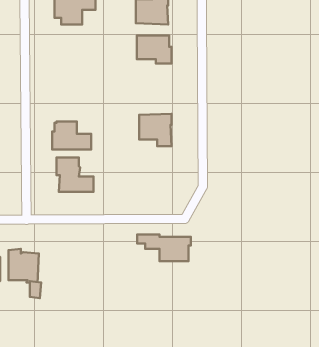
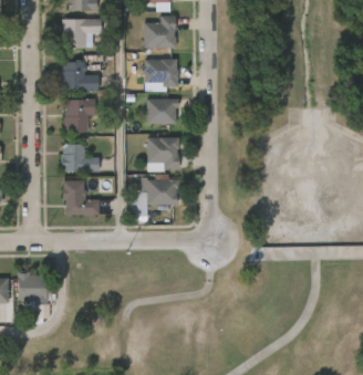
building: none -> [62,60,100,92]
building: none -> [63,98,95,133]
building: none -> [146,100,179,125]
building: [137,234,191,261] -> [126,178,179,205]

